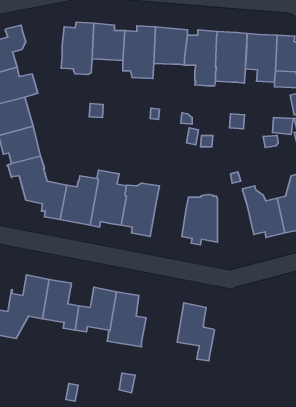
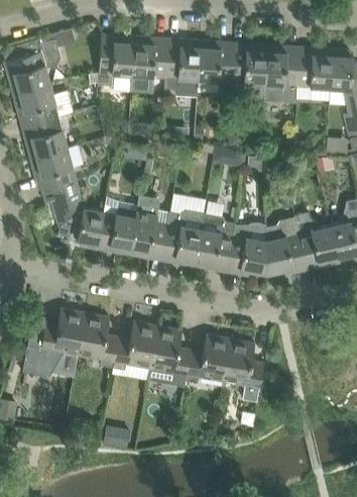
building: none -> [194,212,235,270]
building: none -> [266,216,306,275]
building: none -> [185,334,230,383]

